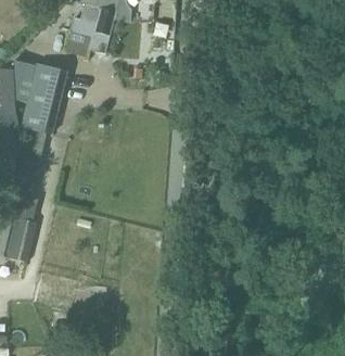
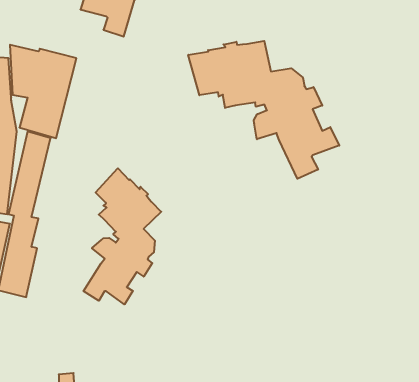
building: none -> [188,41,339,179]
building: none -> [84,168,161,304]

